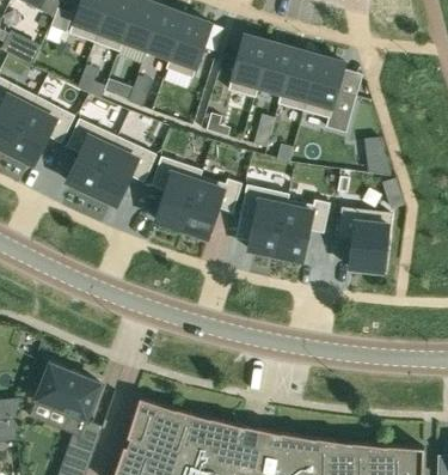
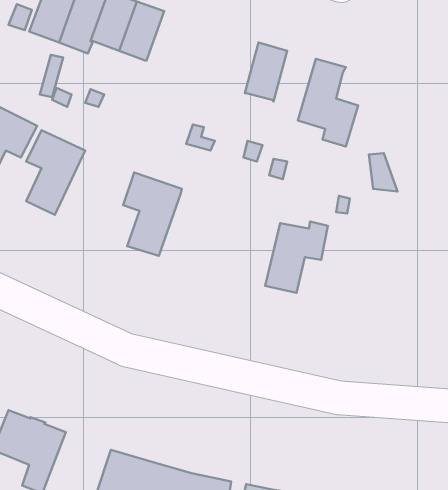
building: [166,14,211,78] -> none
building: [228,35,269,97] -> none
building: [277,49,319,111] -> none
building: [91,136,157,205] -> none
building: [182,175,241,238] -> none
building: [240,184,289,255] -> none
building: [339,206,391,272] -> none

